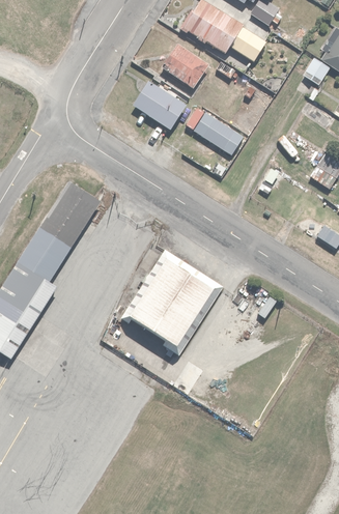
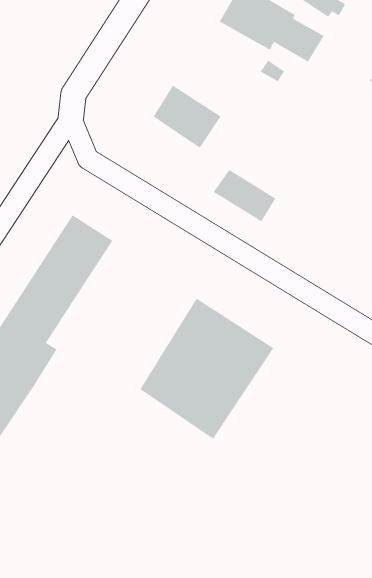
building: [162,42,207,87] -> none
building: [193,113,243,154] -> [213,169,276,222]

